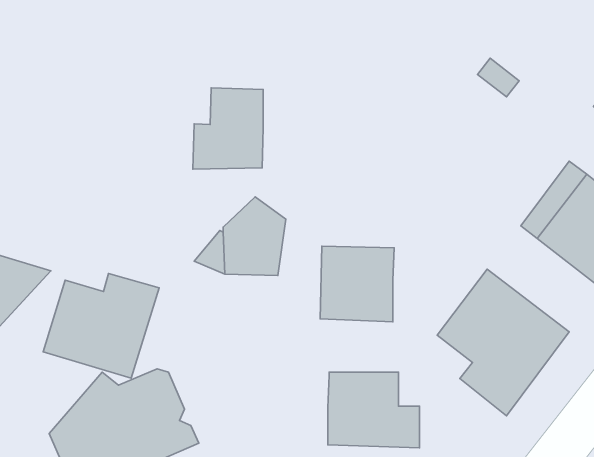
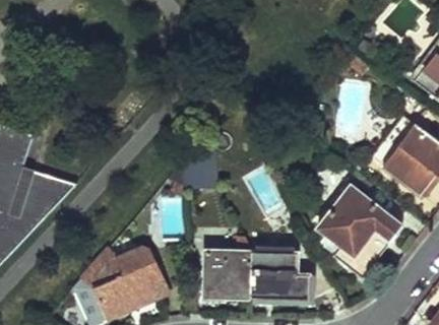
building: [193,88,263,169] -> none
building: [320,246,394,322] -> [204,250,251,298]
building: [43,273,159,378] -> none

